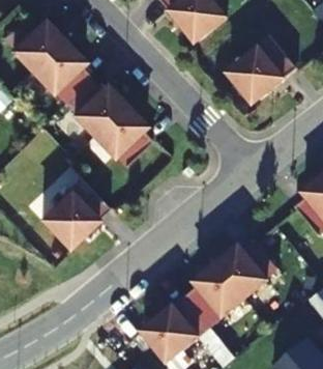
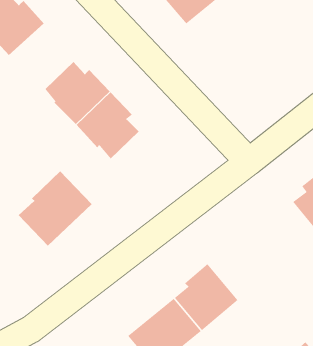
building: [226,35,296,106] -> none
building: [30,41,90,103] -> none
building: [214,240,276,299] -> none

